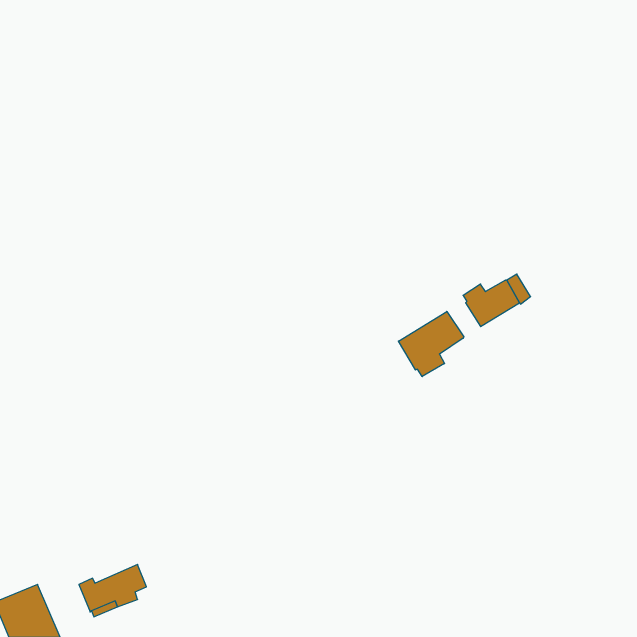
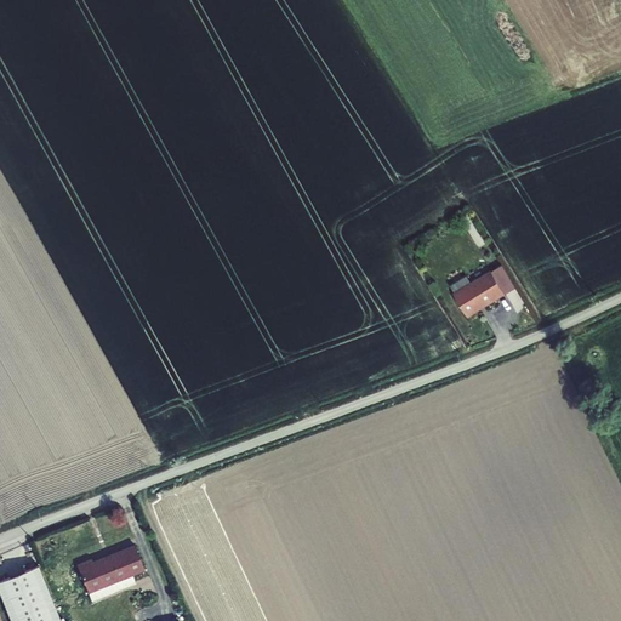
building: [398,311,464,377] -> none

